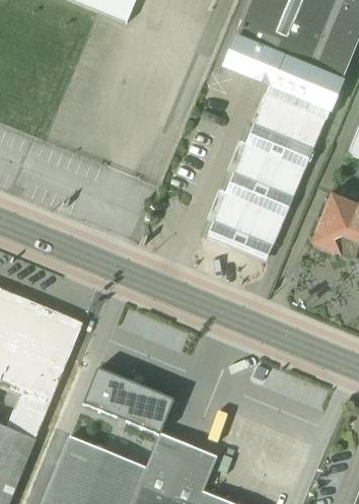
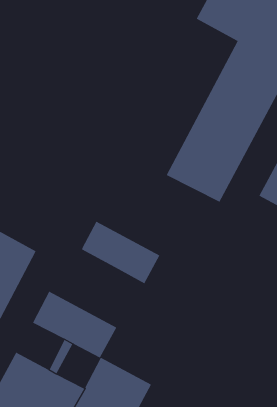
building: none -> [82,221,160,284]

